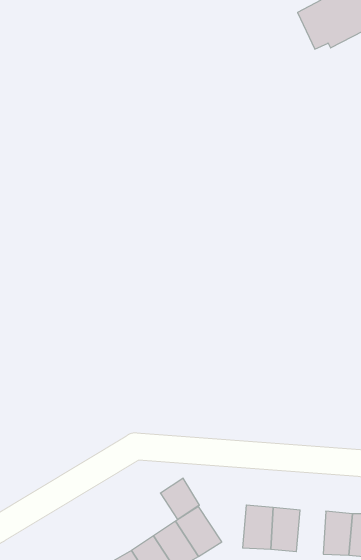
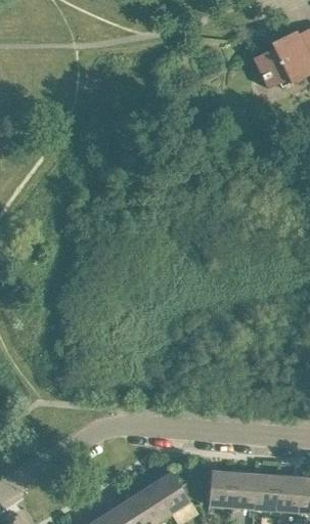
building: [160,478,199,519] -> none
building: none -> [253,475,277,512]

